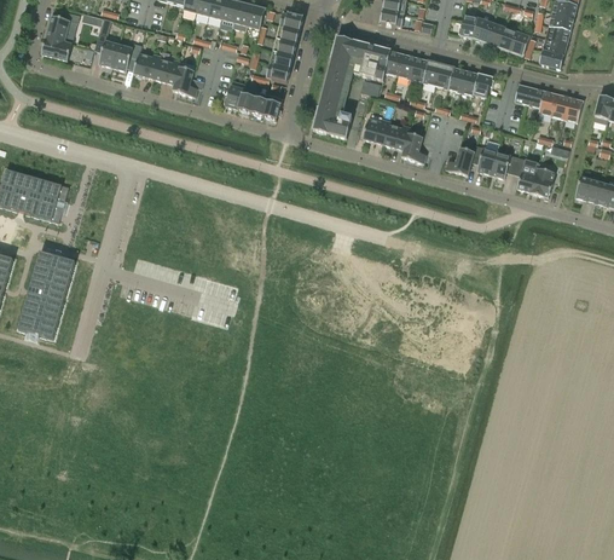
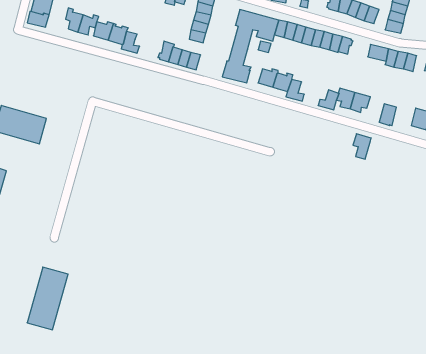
building: [512,156,538,191] -> [353,134,371,159]
building: [17,252,74,339] -> [27,267,68,330]

